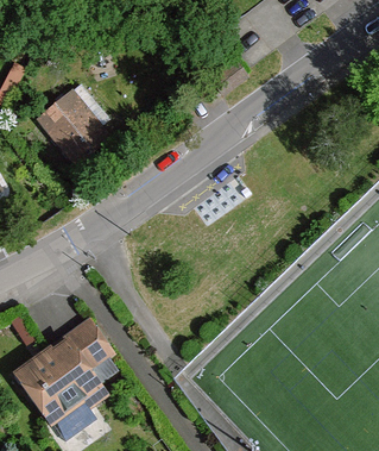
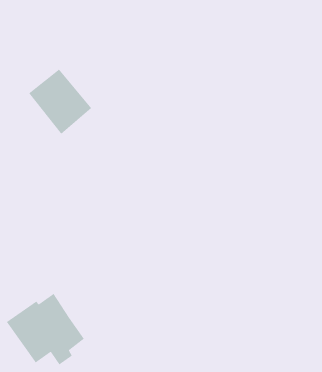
building: [64,319,109,367] -> none

